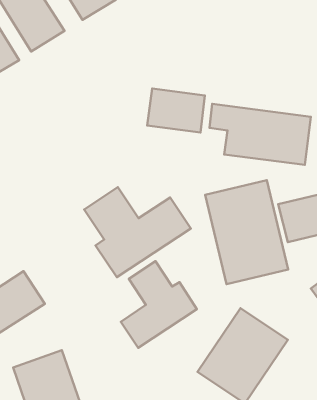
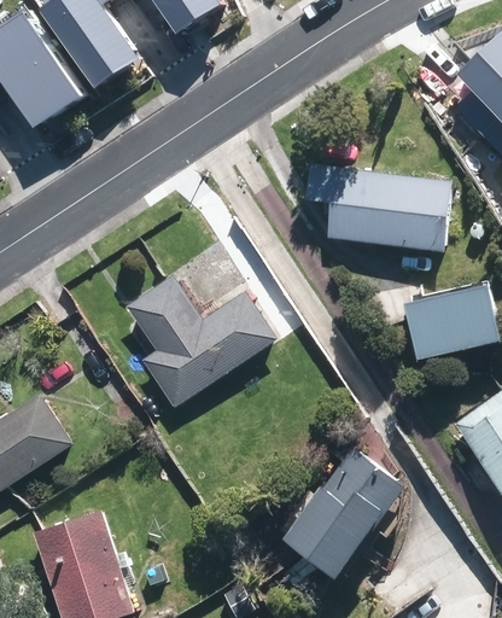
building: [147,88,205,132] -> none
building: [205,180,288,284] -> none
building: [121,261,197,348] -> none

